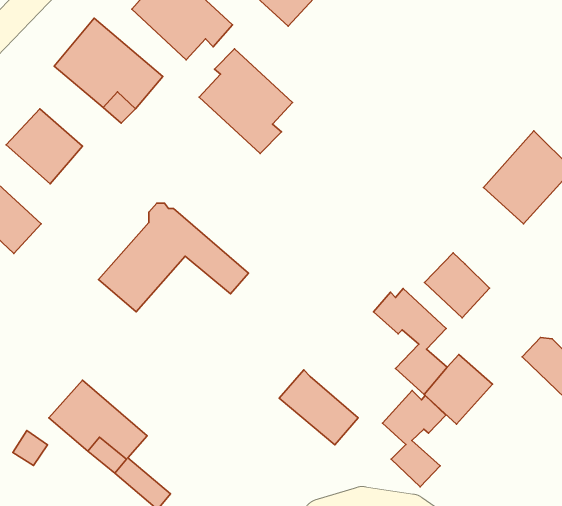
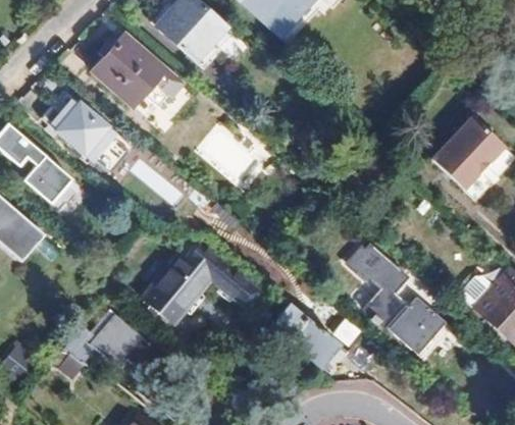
building: [199,49,292,154] -> none
building: [99,203,249,312] -> [140,240,258,325]
building: [425,253,490,318] -> none
building: [382,390,446,487] -> none

